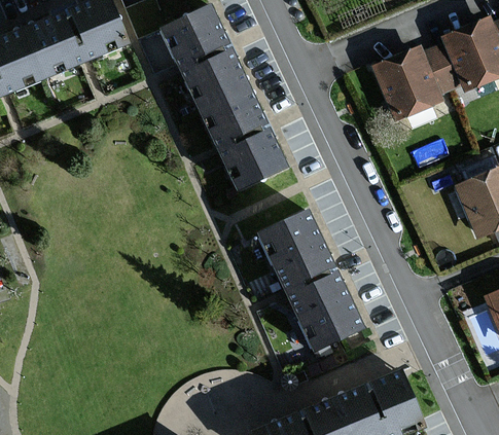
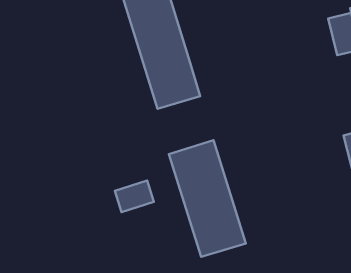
building: [373,48,439,118] -> none
building: none -> [115,181,154,212]

